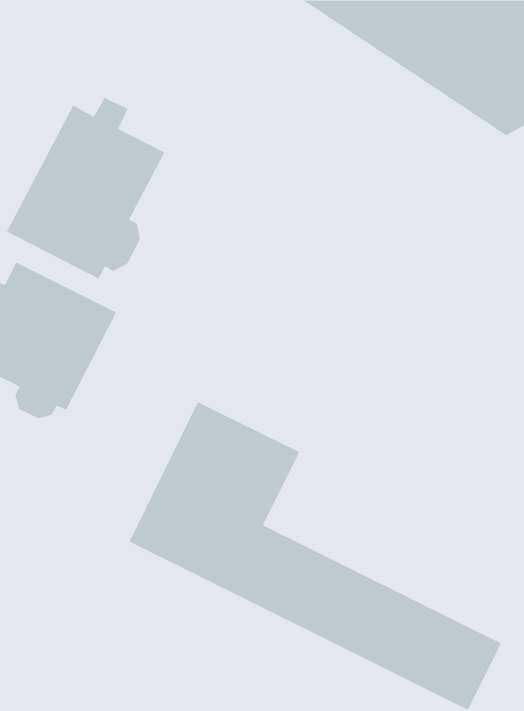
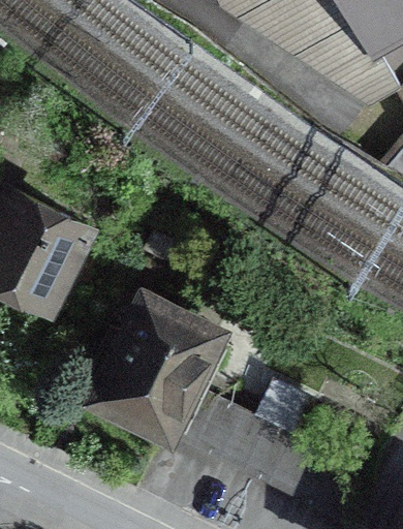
building: [6,97,165,279] -> none

